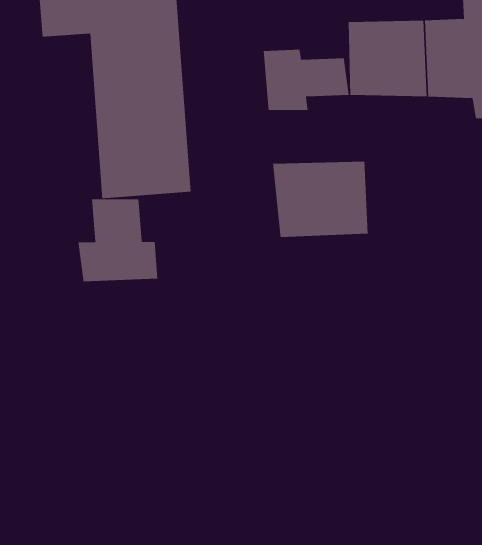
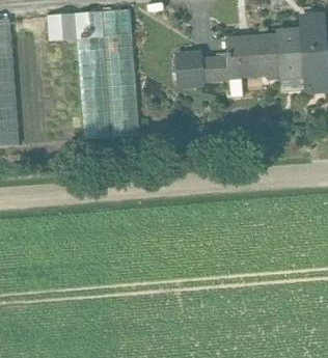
building: [272,161,368,238] -> none
building: [78,199,158,282] -> none

